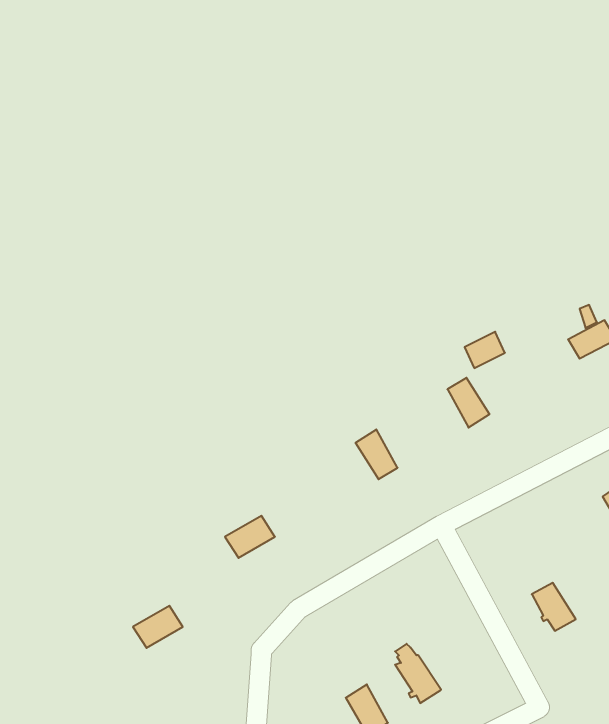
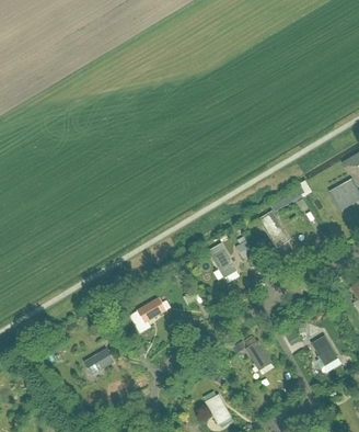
building: [395,644,441,703] -> [244,334,270,368]

